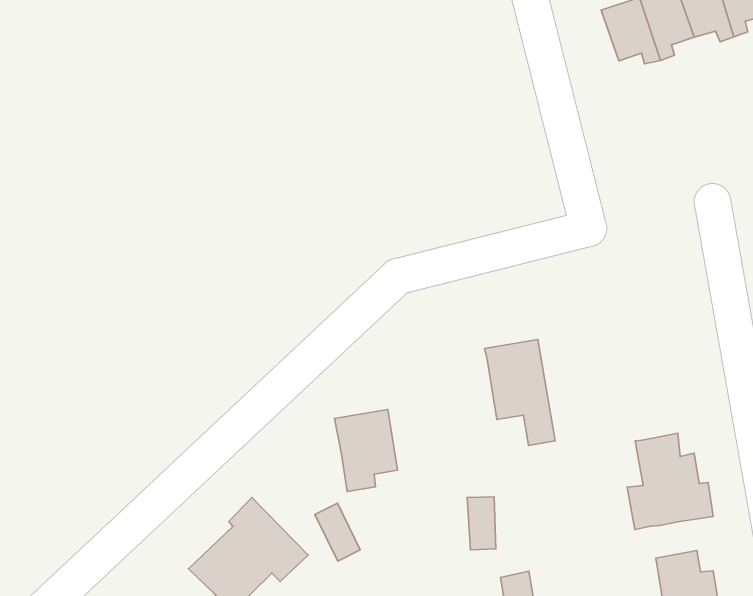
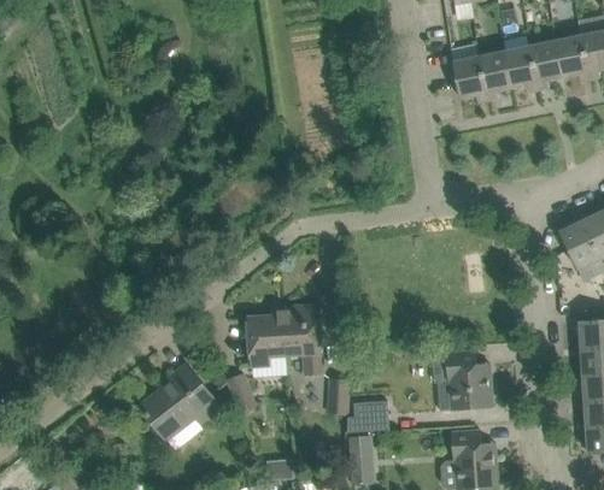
building: [484,340,555,445] -> [282,305,323,374]
building: none -> [348,401,391,431]

